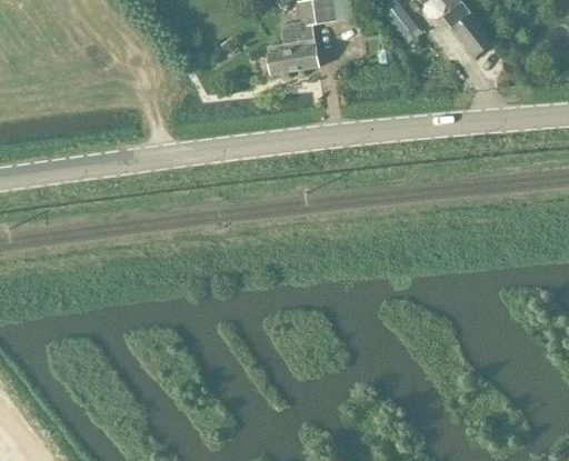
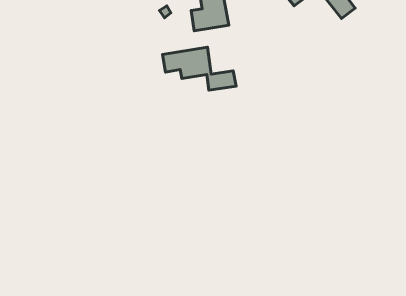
building: none -> [163,47,236,90]

